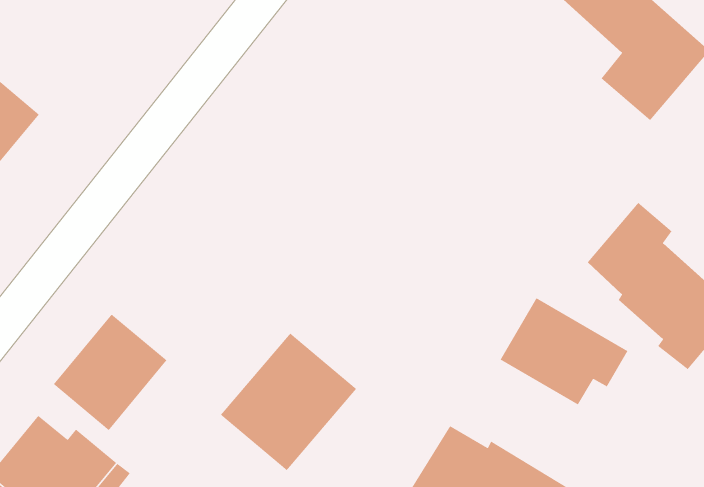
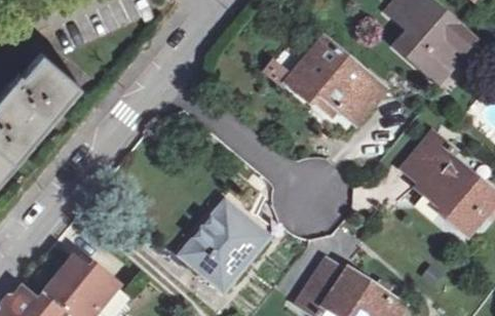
building: none -> [289,39,382,121]
building: [500,297,628,406] -> none
building: [53,313,168,431] -> none

